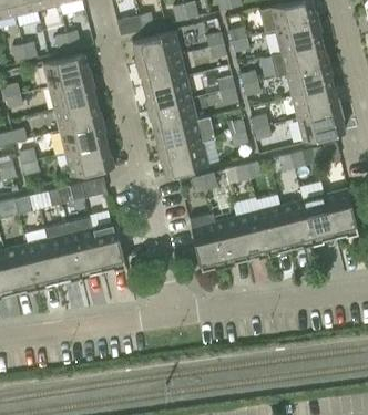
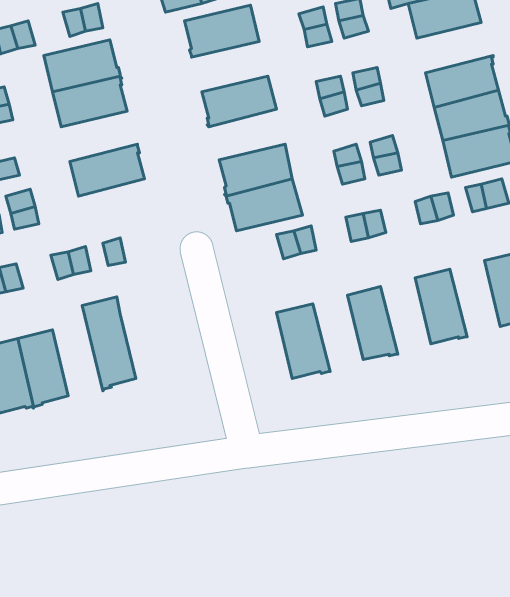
building: [270,42,330,76] -> none
building: [137,54,186,86] -> none
building: [149,97,197,129] -> none
building: [54,98,103,131] -> none
building: [65,142,114,176] -> none
building: [303,194,335,242] -> none
building: [258,205,290,253] -> none
building: [215,216,247,264] -> none
building: [92,221,126,269] -> none
building: [45,222,81,280] -> none

